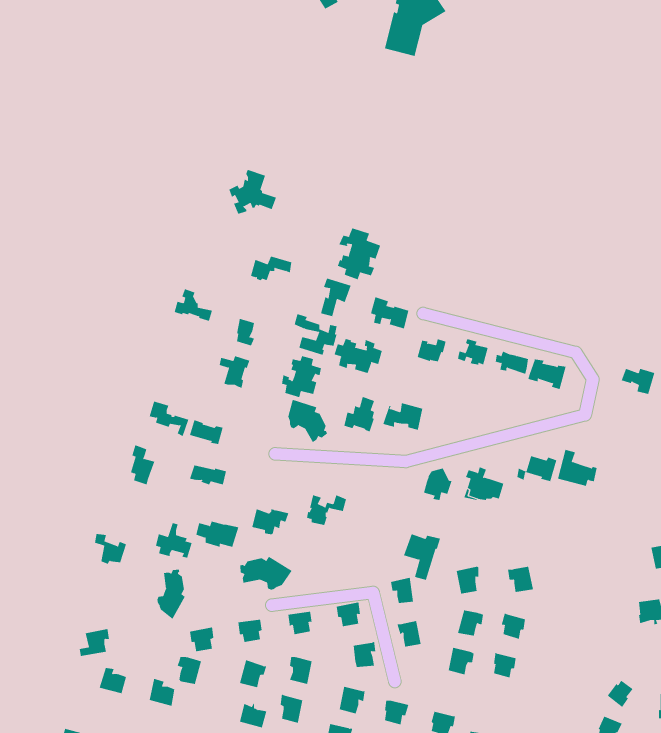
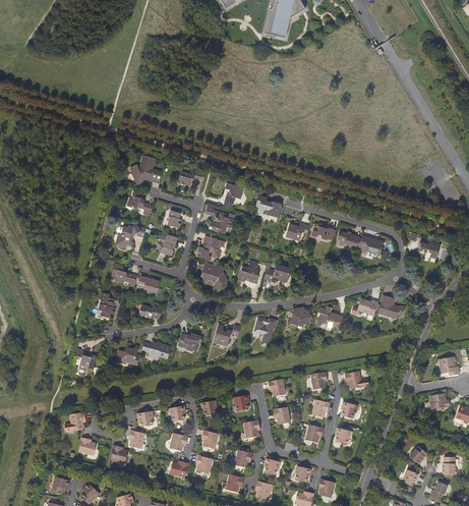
building: [229,169,277,215] -> [130,154,162,183]
building: [337,228,381,280] -> none
building: [334,338,382,374] -> none
building: none -> [116,224,145,247]
building: [403,534,441,580] -> [252,317,277,347]
building: [240,556,293,590] -> none
building: [157,569,186,620] -> none

